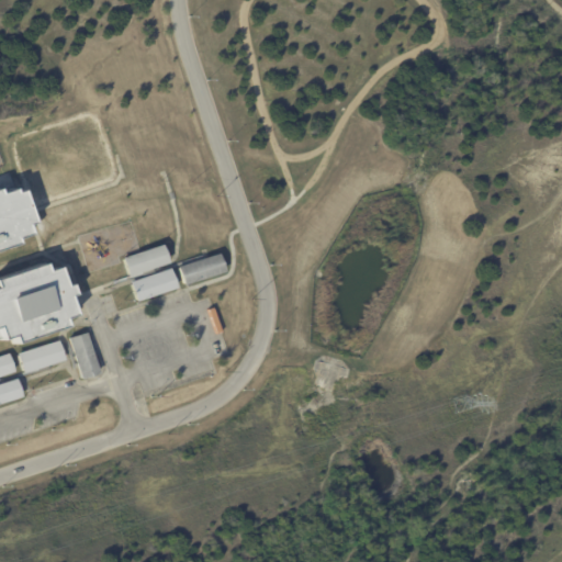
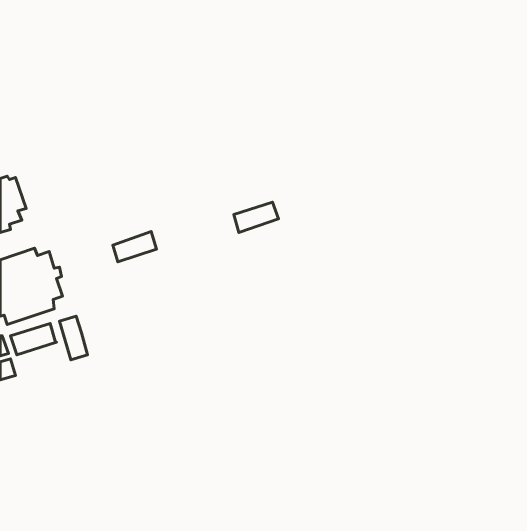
building: [182,254,229,285] -> [234,202,279,232]
building: [133,268,180,302] -> none

